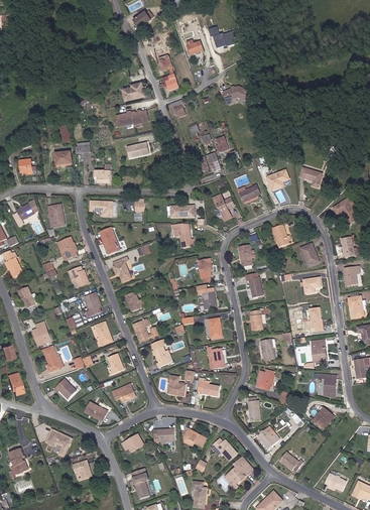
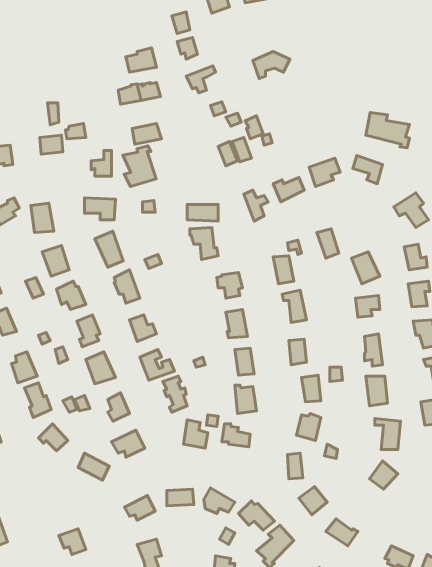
building: none -> [366,112,410,148]
building: none -> [123,146,156,186]
building: [42,428,71,458] -> none

